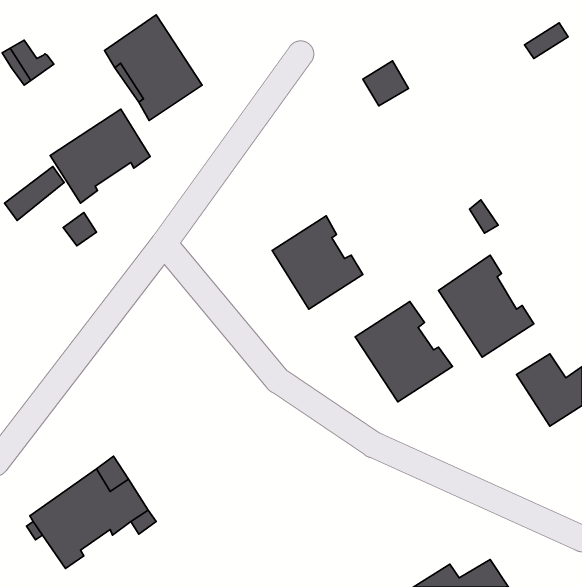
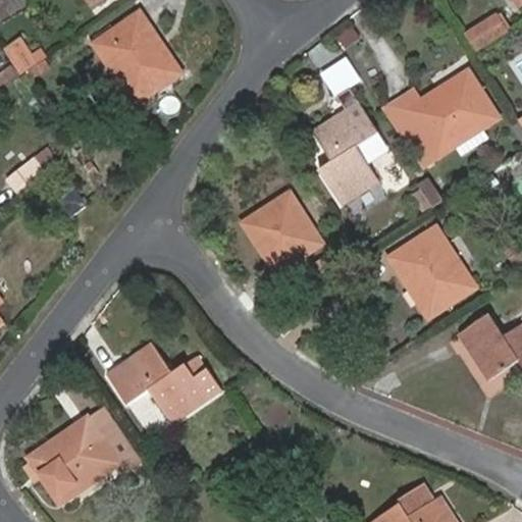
building: none -> [405,70,497,157]
building: [50,109,150,203] -> none
building: none -> [314,103,376,204]
building: [355,302,452,402] -> none
building: none -> [107,344,218,421]

